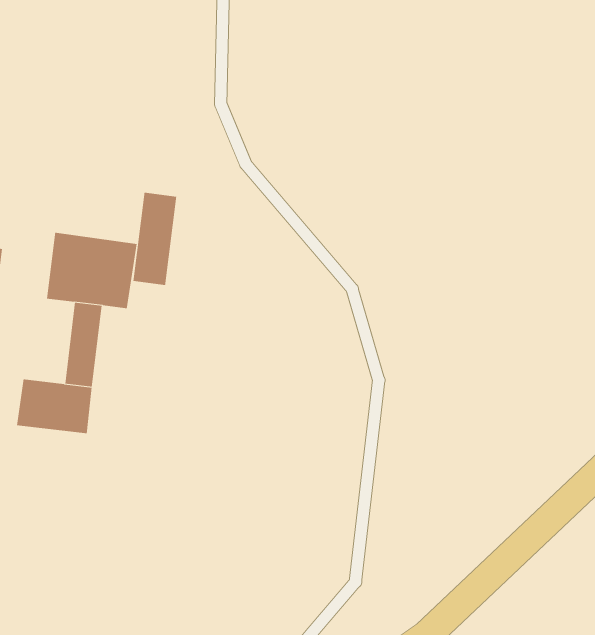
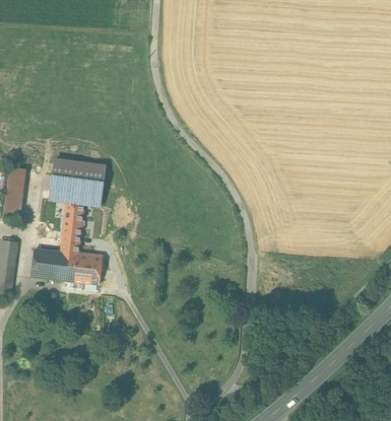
building: [133,192,177,286] -> none
building: none -> [75,248,103,284]

